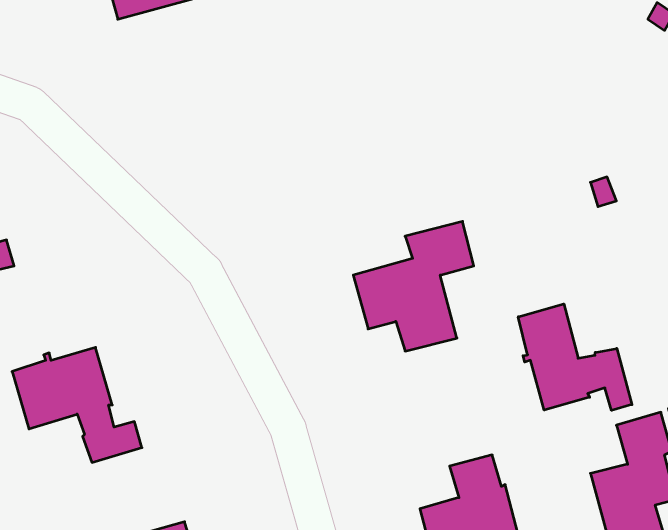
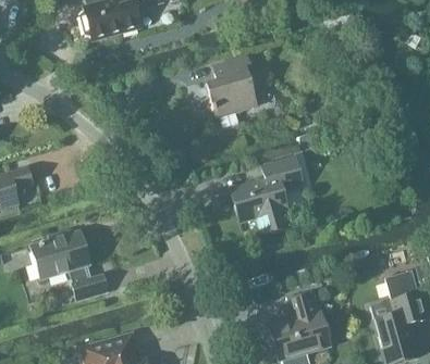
building: none -> [207,55,256,116]
building: [518,304,632,410] -> none

